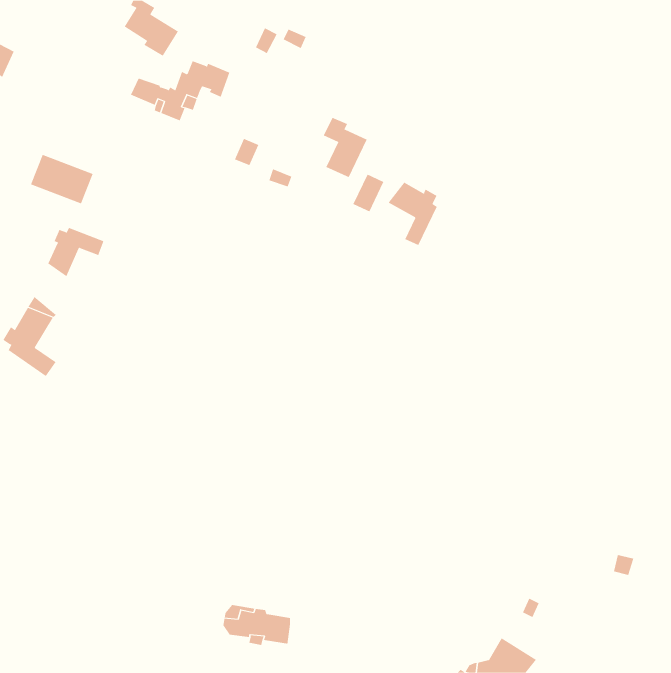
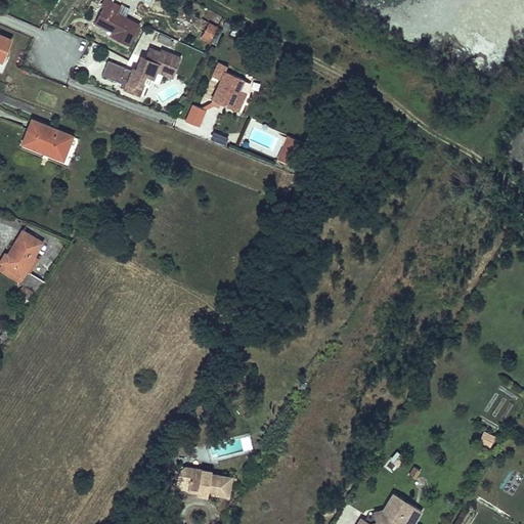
building: [323,117,368,178] -> [211,61,246,108]
building: [388,182,437,246] -> none
building: [48,227,104,277] -> none

